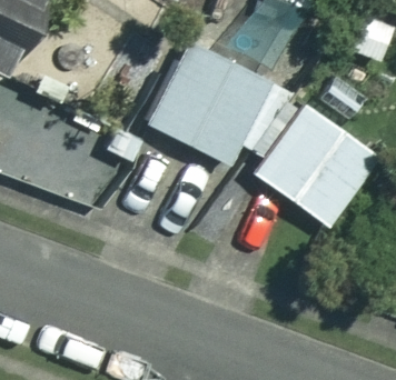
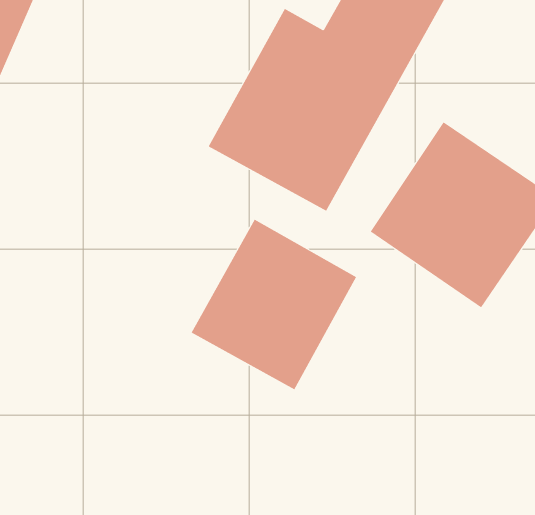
building: none -> [191,219,357,390]

